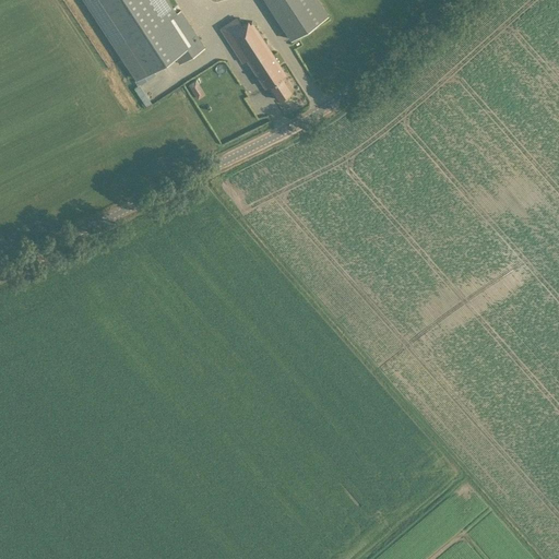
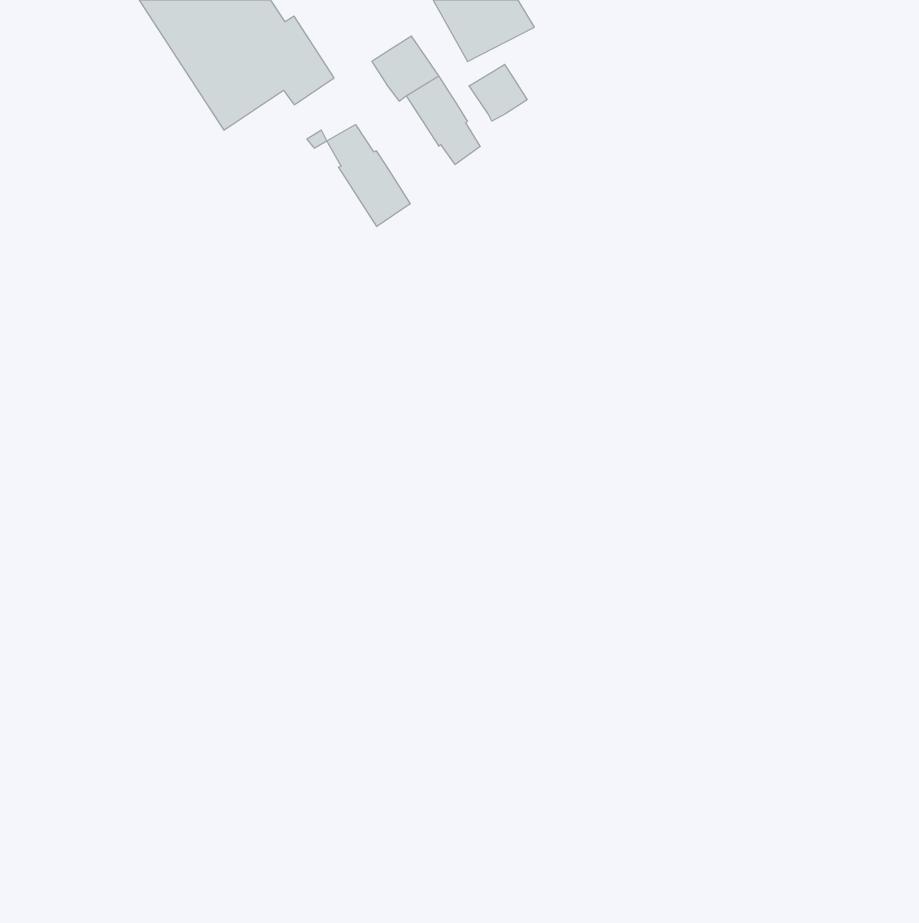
building: none -> [469,64,527,121]
building: none -> [327,125,410,227]

